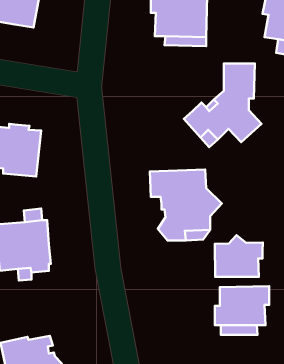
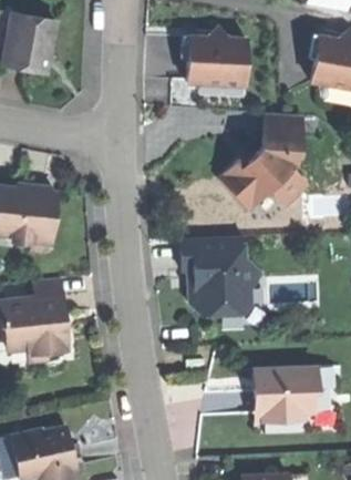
building: [215,235,263,277] -> none

